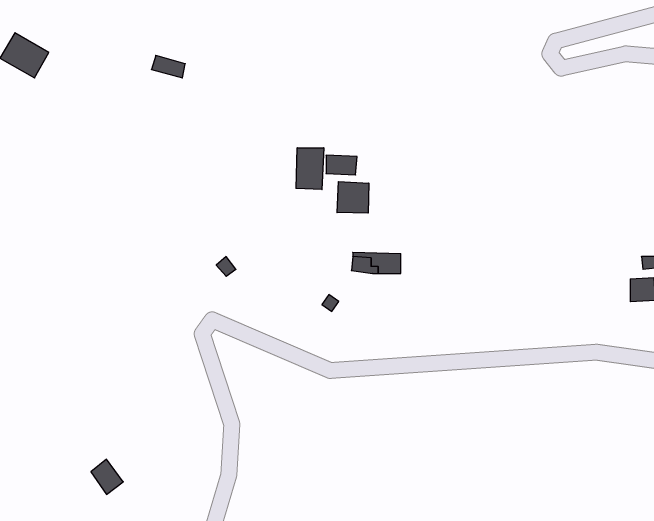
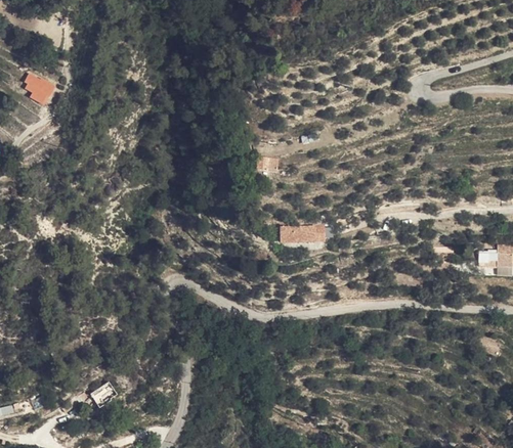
building: [296,148,324,190] -> none
building: [337,182,369,213] -> none

